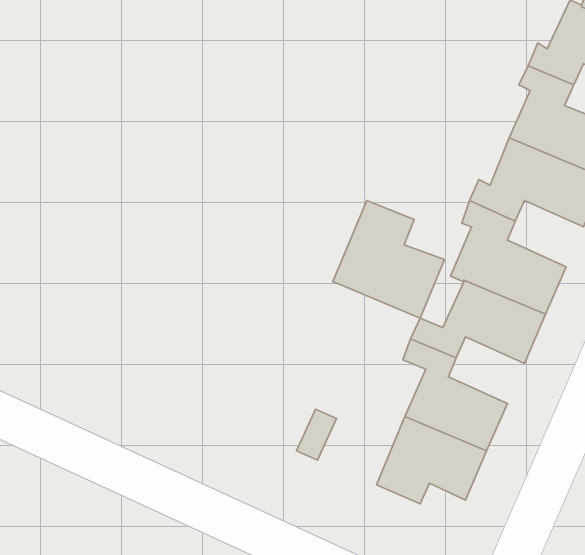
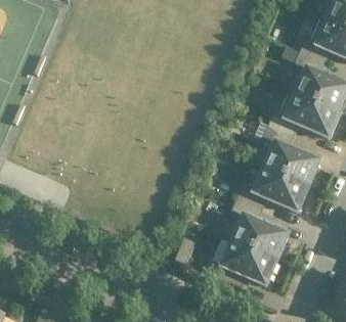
building: [333,201,444,318] -> none

